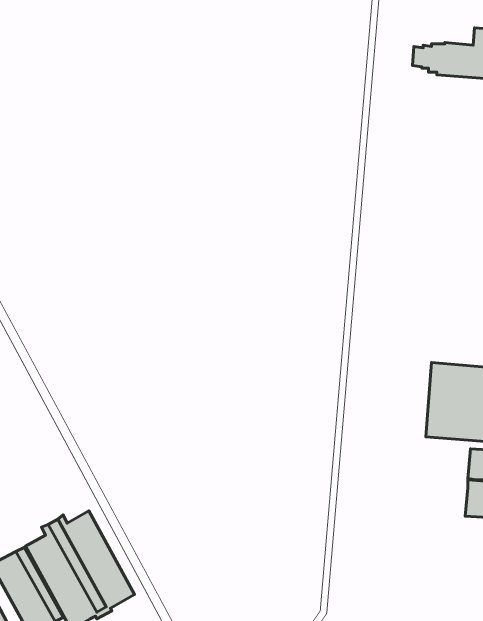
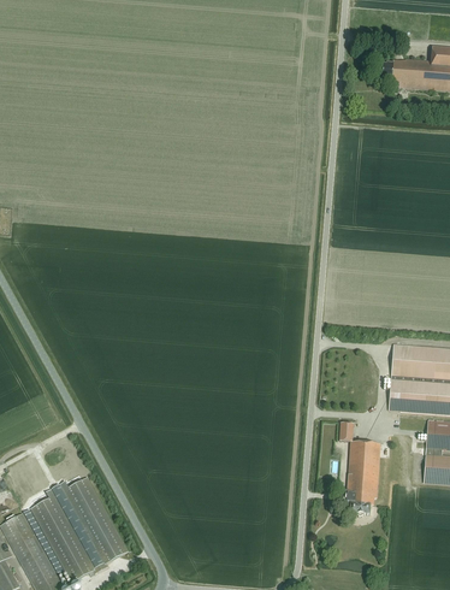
building: none -> [339,421,379,515]

